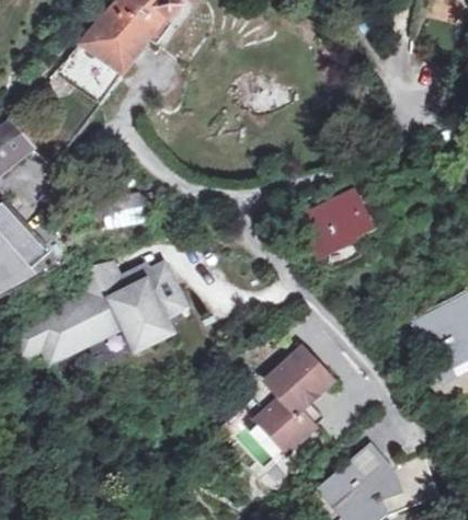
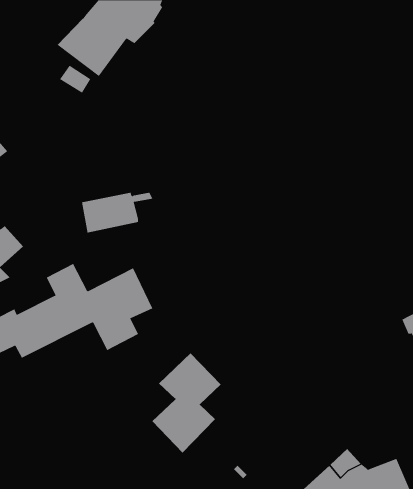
building: [297,193,373,257] -> none
building: [258,350,327,450] -> [152,353,221,453]

